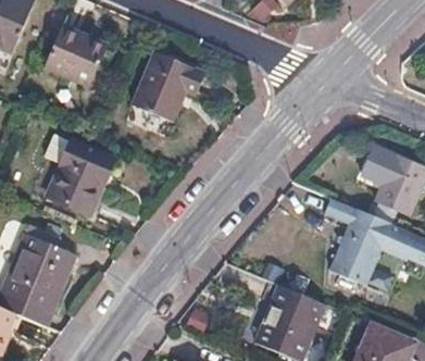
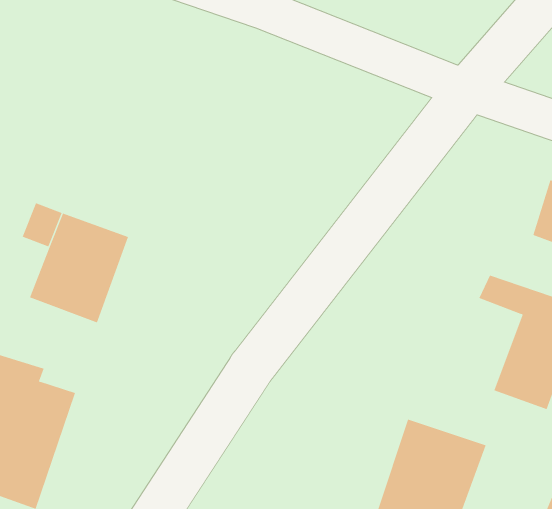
building: [41,26,104,89] -> none
building: [129,54,201,125] -> none

